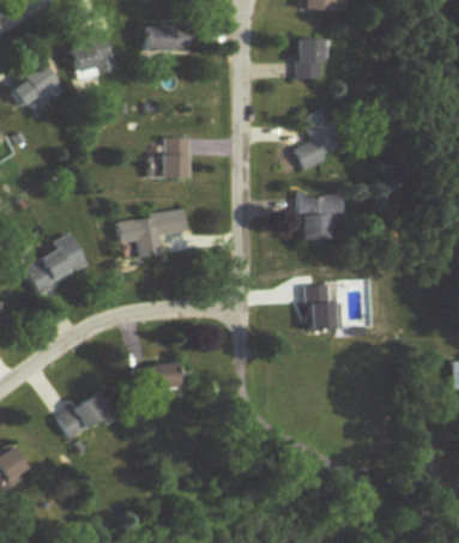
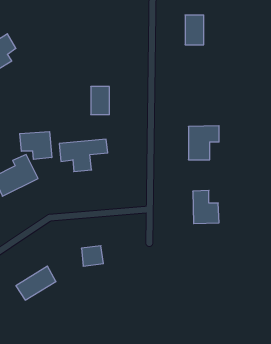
building: [145,24,192,49] -> none
building: [72,31,117,77] -> none
building: [292,107,343,167] -> none
building: none -> [20,132,52,159]

